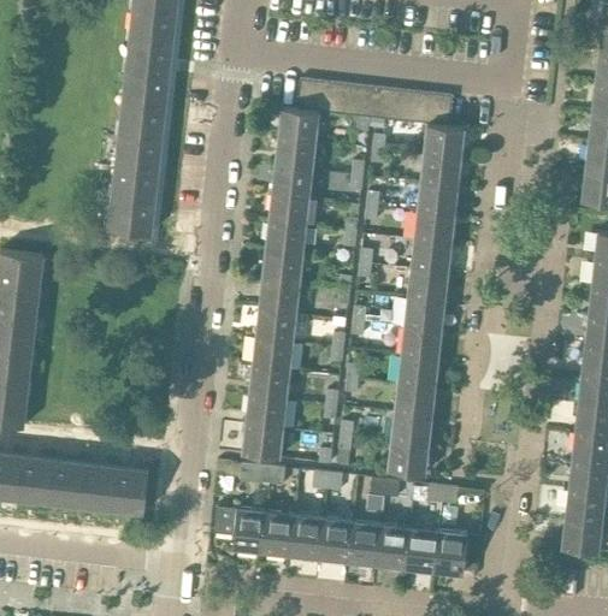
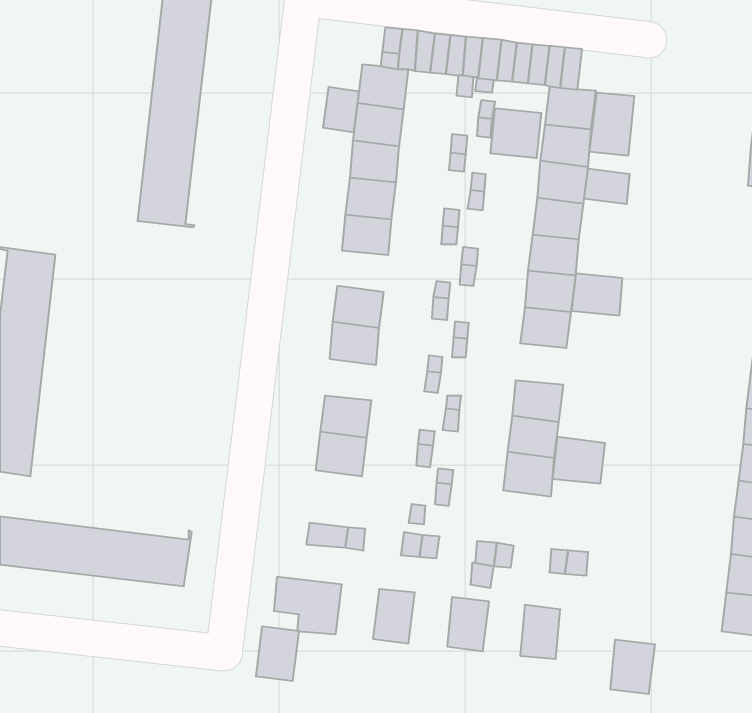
building: none -> [323,87,359,132]
building: none -> [589,93,634,156]
building: none -> [491,108,541,158]
building: none -> [584,169,629,204]
building: [262,253,302,285] -> none
building: [401,325,441,357] -> [571,274,622,315]
building: [253,337,293,369] -> none
building: [243,424,282,458] -> none
building: [388,439,429,475] -> [552,437,605,483]
building: [261,513,295,555] -> [256,627,299,681]
building: [318,519,352,561] -> none
building: [376,526,408,568] -> none
building: [432,532,467,574] -> [610,640,655,694]

